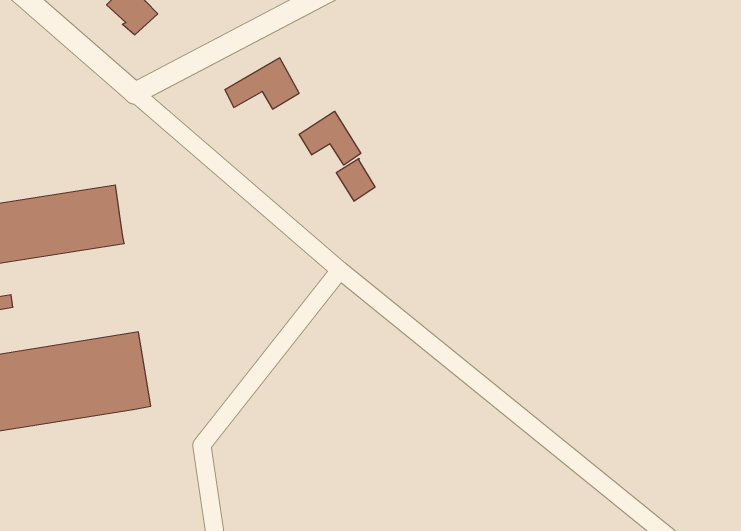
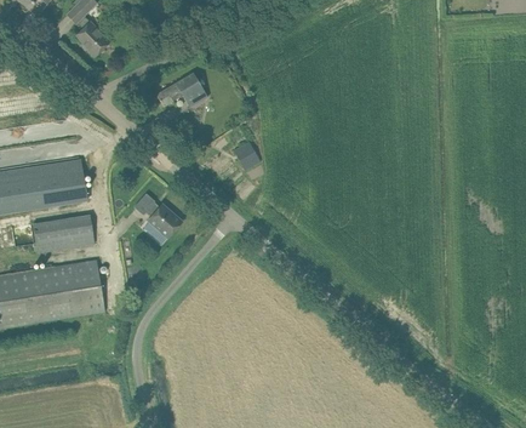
building: [299,111,361,165] -> none
building: none -> [135,193,182,238]
building: none -> [32,215,95,252]

